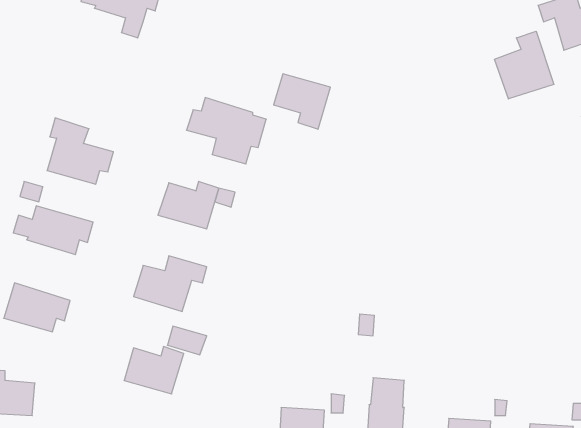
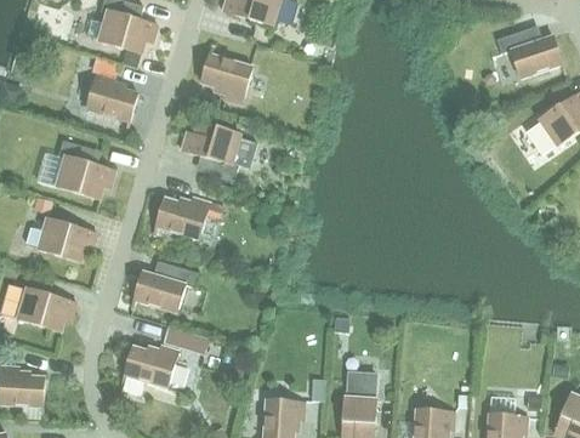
building: [495,31,554,99] -> none
building: none -> [85,70,137,120]
building: [274,74,330,129] -> [200,53,251,103]

